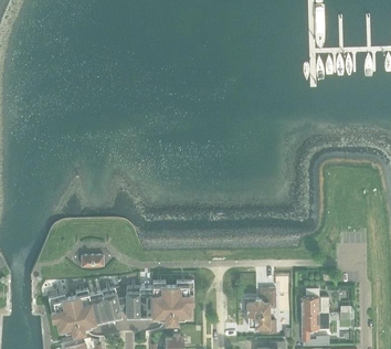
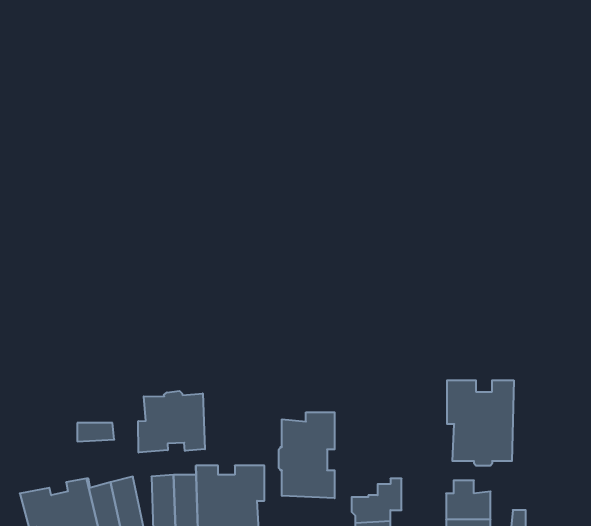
building: none -> [447,380,514,466]
building: none -> [138,391,205,453]
building: none -> [279,412,335,498]

